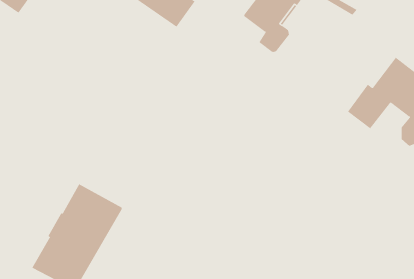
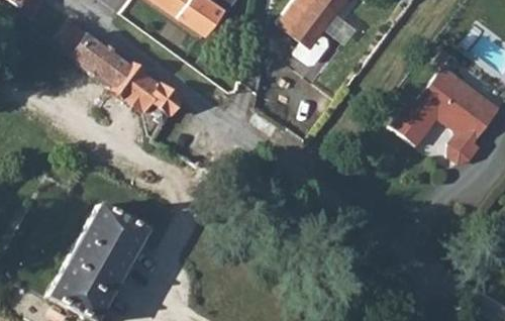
building: none -> [53,23,180,125]

